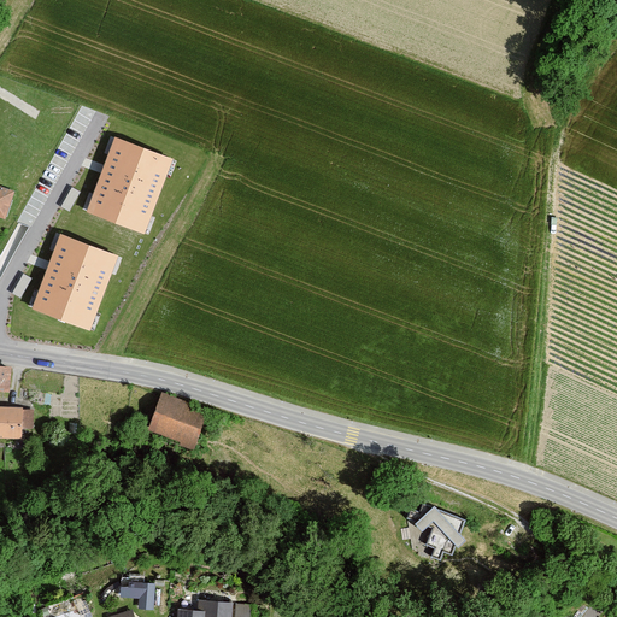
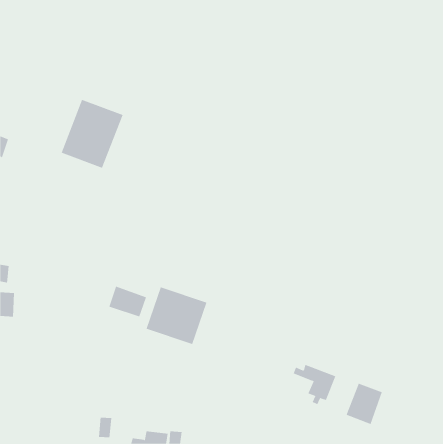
building: [31,234,117,330] -> none
building: none -> [146,287,207,345]
building: none -> [346,383,382,425]

